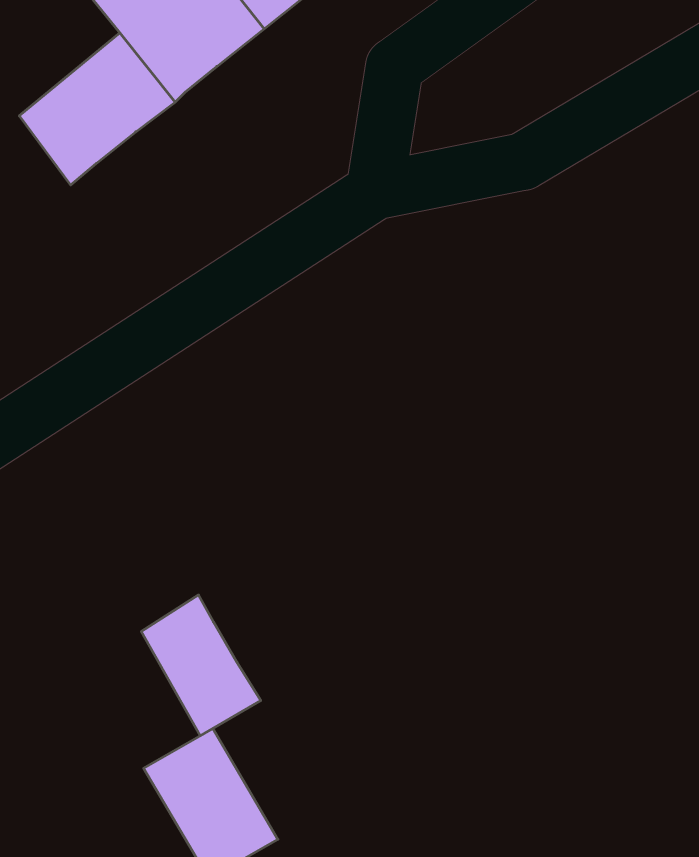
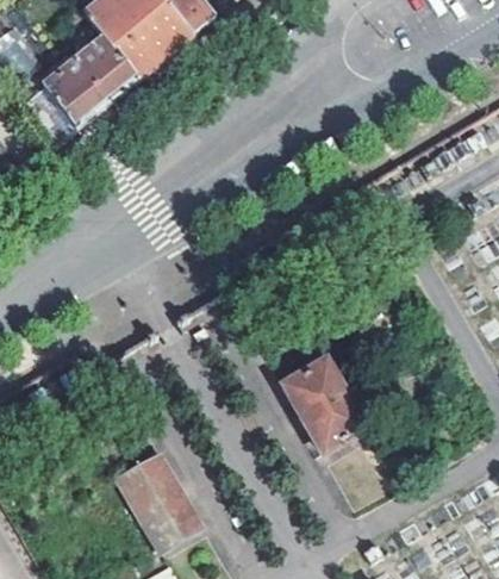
building: none -> [280,357,361,448]
building: [141,595,261,736] -> none

